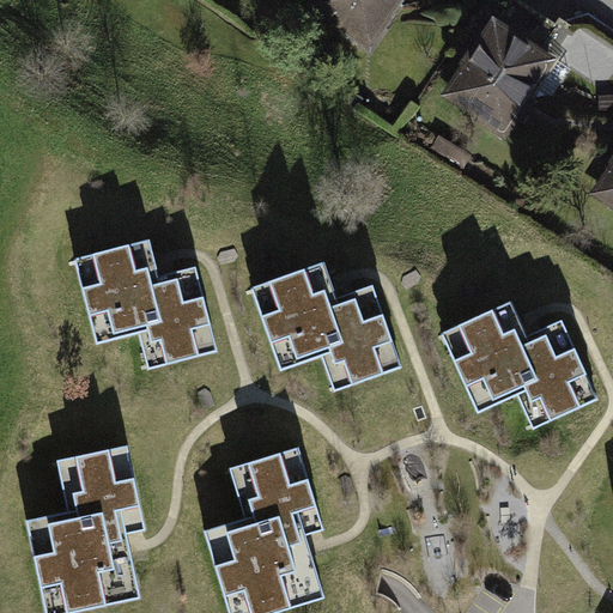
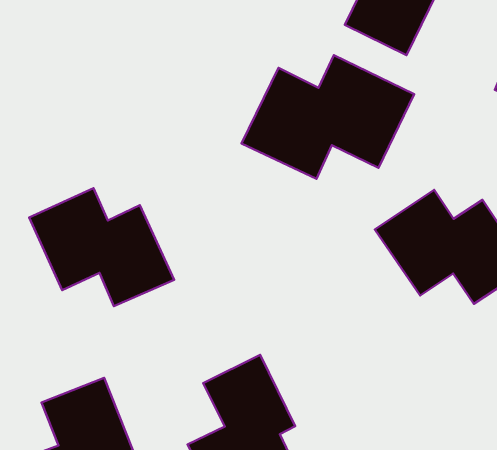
building: none -> [241,55,414,179]
building: [253,261,405,392] -> none

